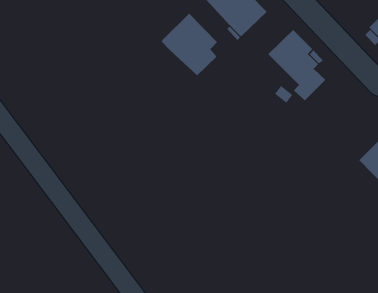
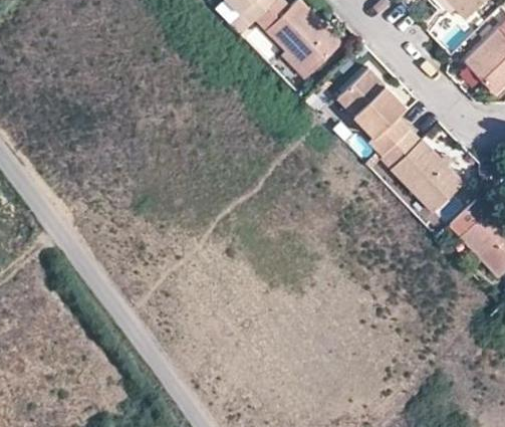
building: [161,13,218,76] -> none
building: none -> [382,130,463,212]

